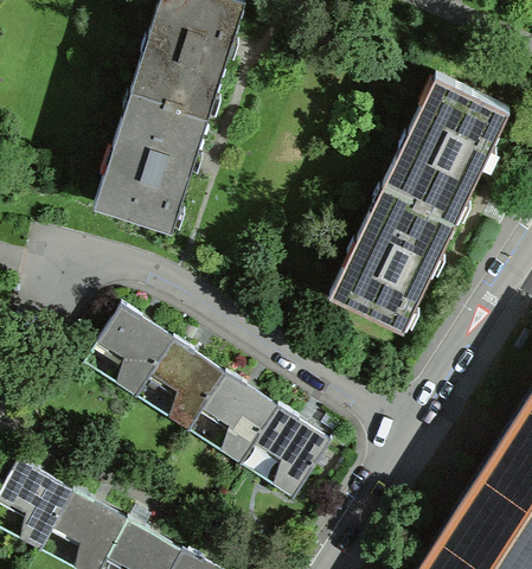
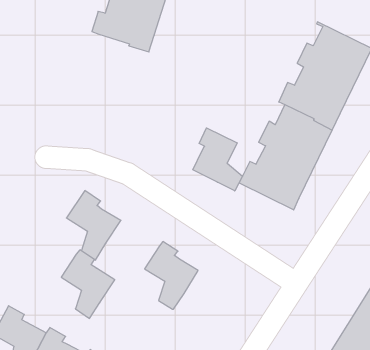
building: [94,91,207,229] -> none
building: none -> [193,128,243,191]
building: [149,337,222,429] -> [61,250,115,318]
building: [255,404,332,498] -> none

